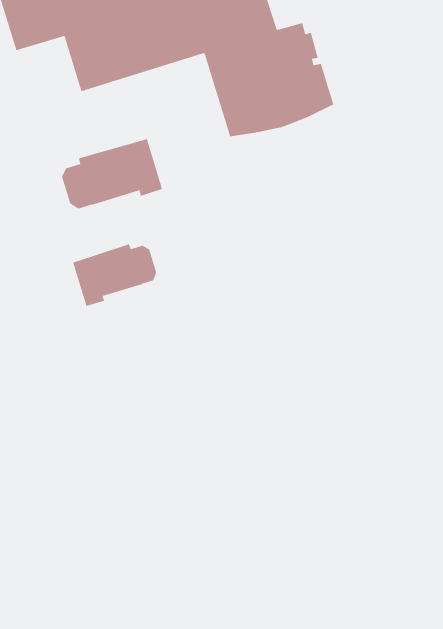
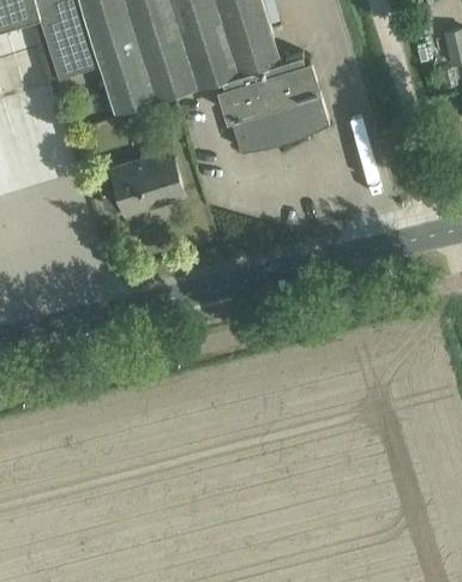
building: [72,244,157,307] -> none

